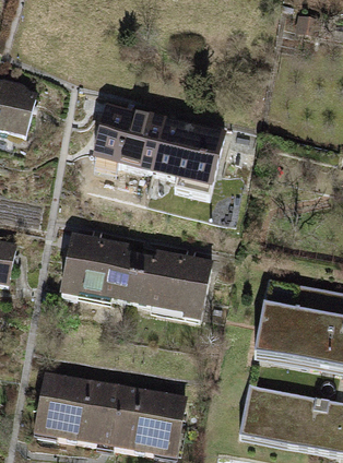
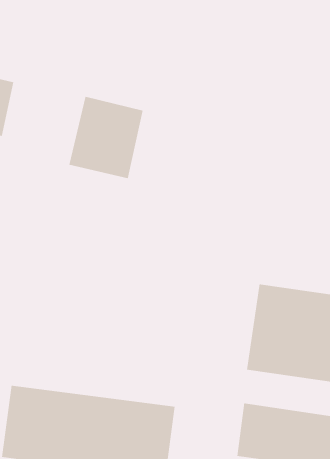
building: [146,117,225,200] -> none
building: [56,233,214,322] -> none

